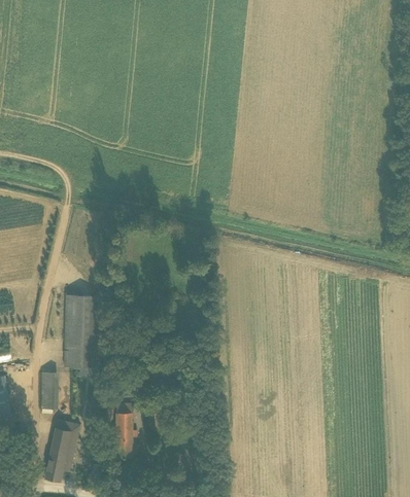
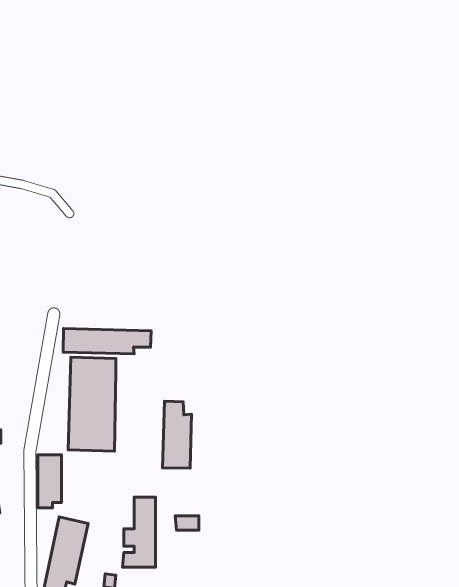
building: none -> [63,328,151,354]
building: none -> [162,401,191,468]

